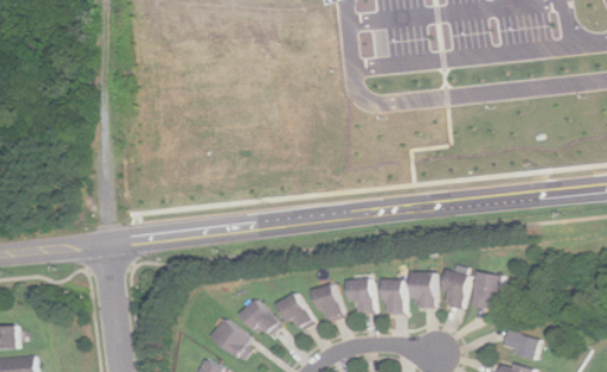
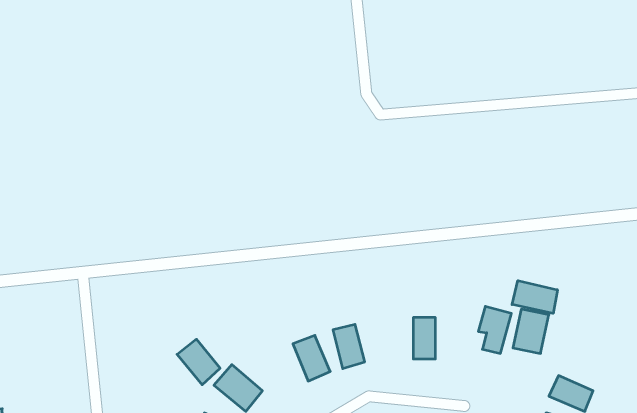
building: none -> [512,281,557,313]
building: [410,270,434,306] -> none
building: [343,278,370,315] -> none
building: [241,299,278,339] -> [177,339,220,385]

